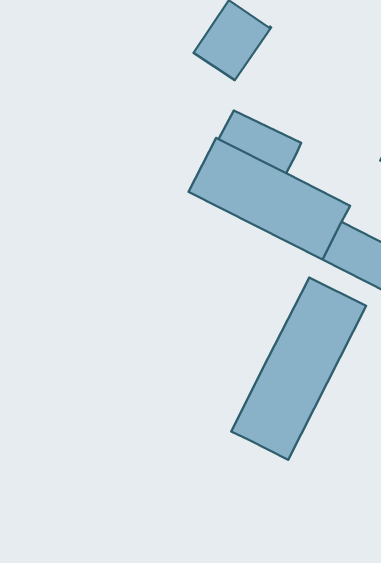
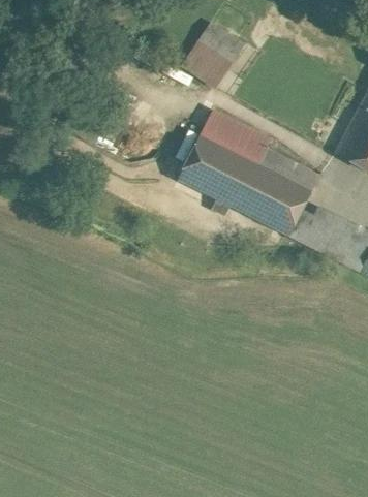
building: none -> [258,149,319,191]
building: [231,277,366,460] -> none

